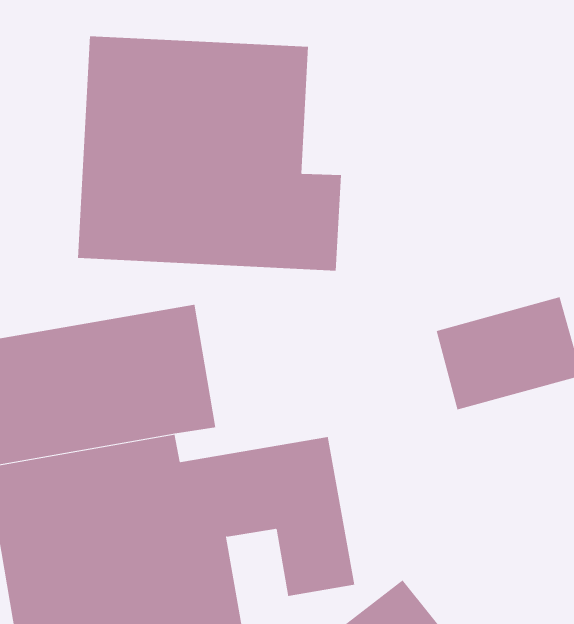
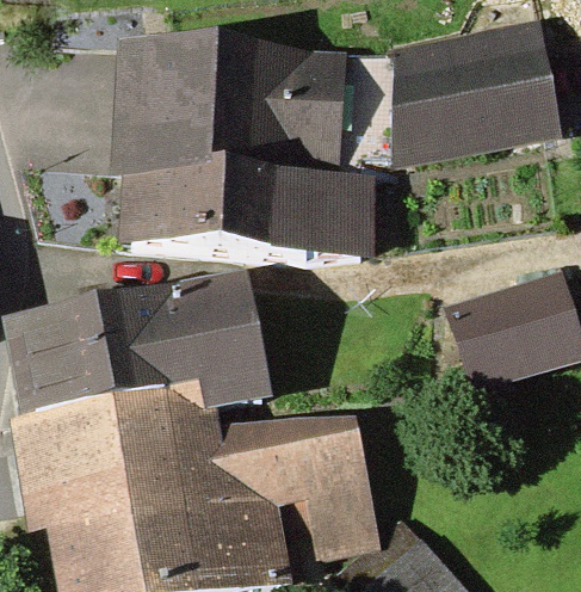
building: none -> [400,25,556,152]

